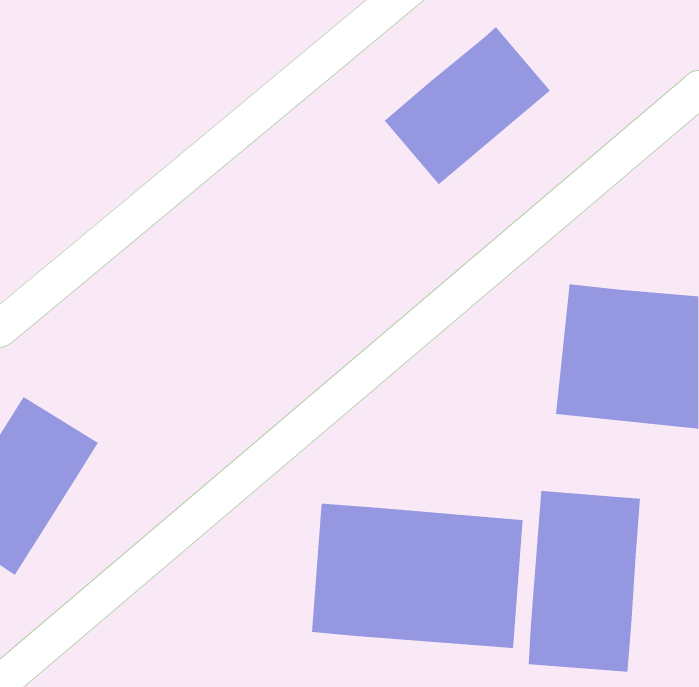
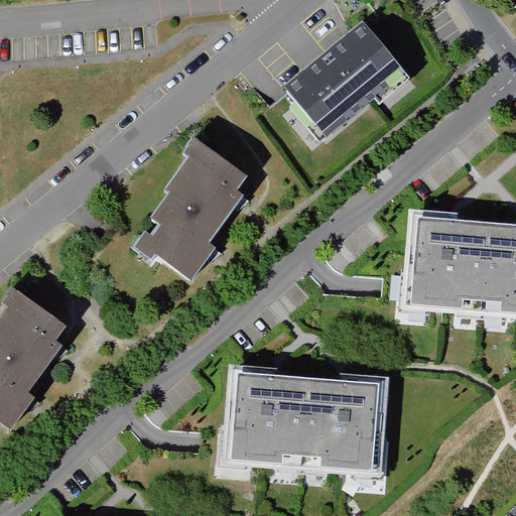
building: none -> [136,141,254,276]
building: [528,490,640,673] -> none

